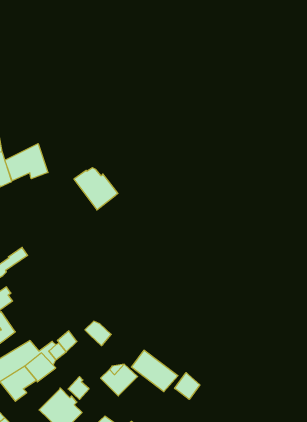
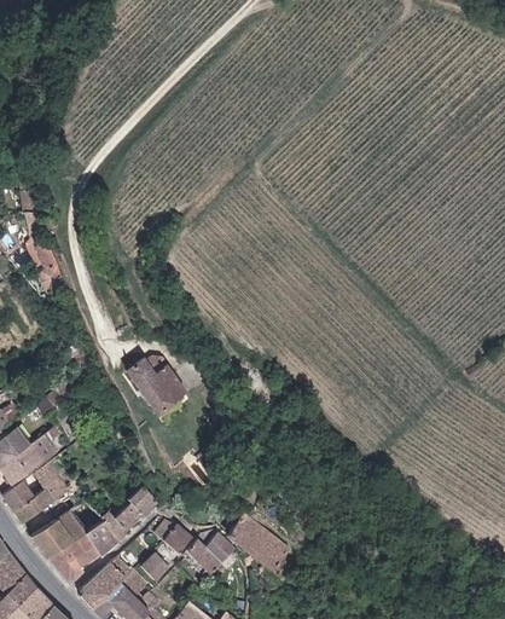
building: [5,144,48,181] -> none
building: [74,168,118,210] -> [126,355,186,413]
building: [85,321,111,346] -> [156,521,192,555]
building: [175,373,200,399] -> none
building: none -> [81,555,129,607]

